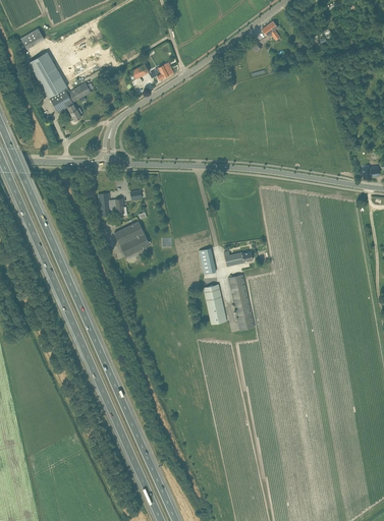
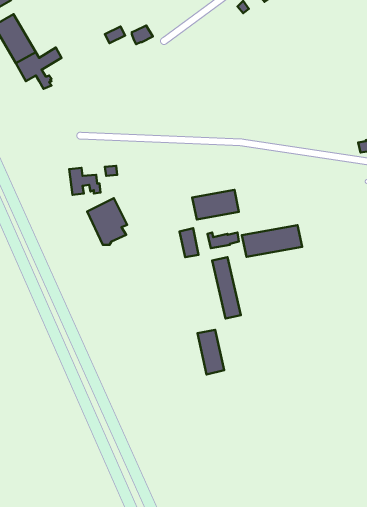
building: none -> [192,190,239,219]
building: none -> [242,225,302,257]
building: [203,284,227,325] -> [197,330,224,375]

